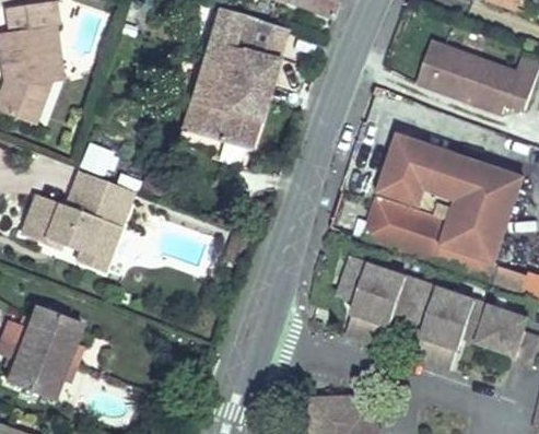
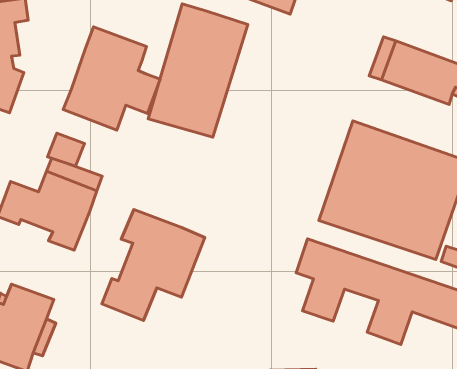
building: none -> [63,27,160,130]
building: none -> [102,209,205,320]

